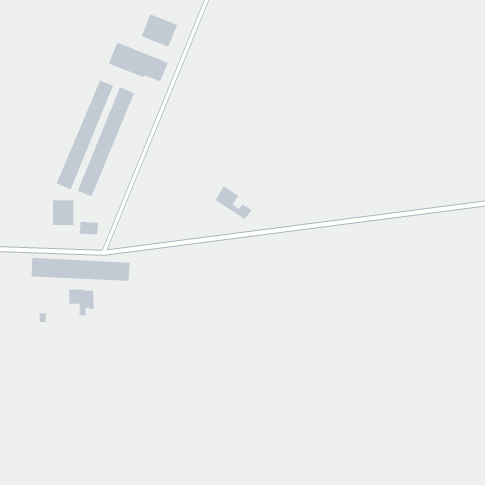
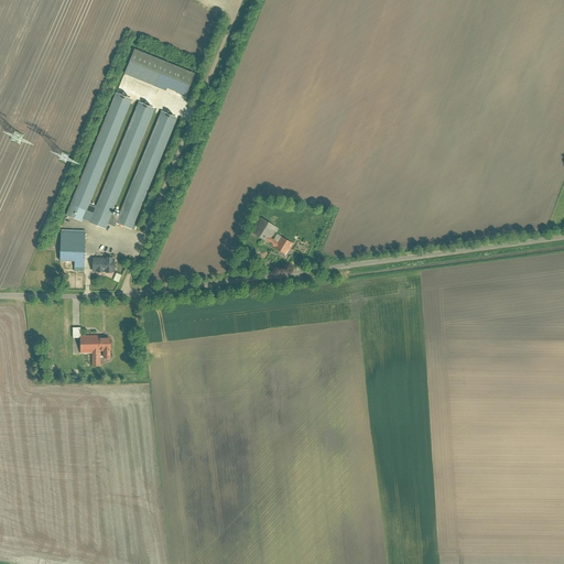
building: [141,13,178,48] -> none
building: none -> [115,110,177,229]
building: [31,257,130,281] -> none

